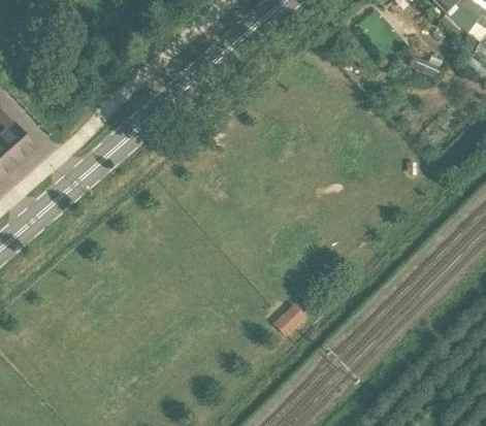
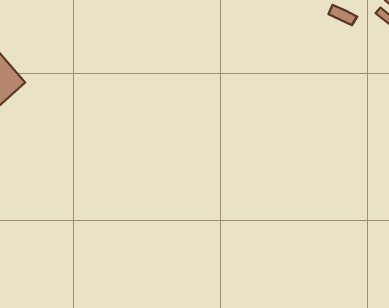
building: [272,300,306,335] -> none

